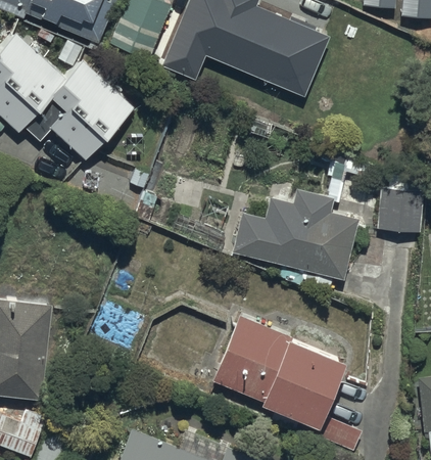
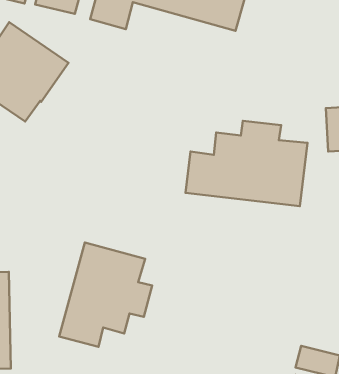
building: none -> [59,242,152,347]
building: [213,314,346,424] -> none

